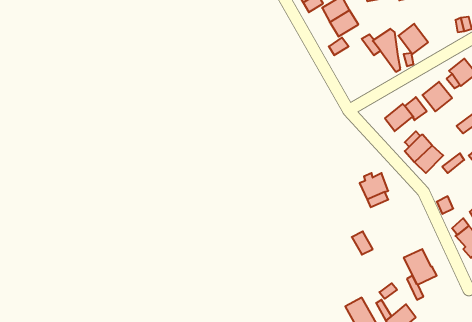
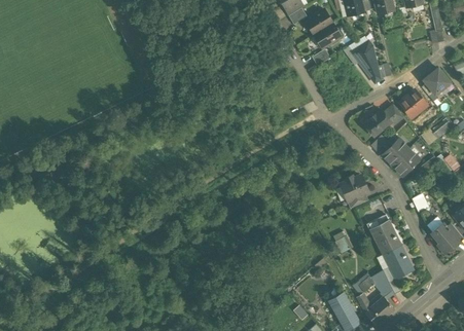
building: [398,24,428,54] -> none
building: none -> [370,220,400,254]

